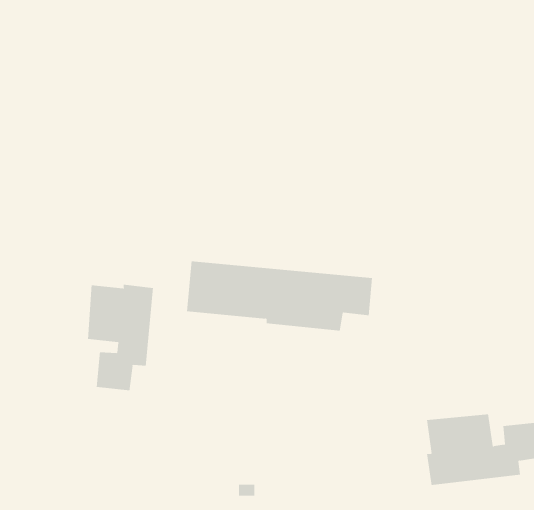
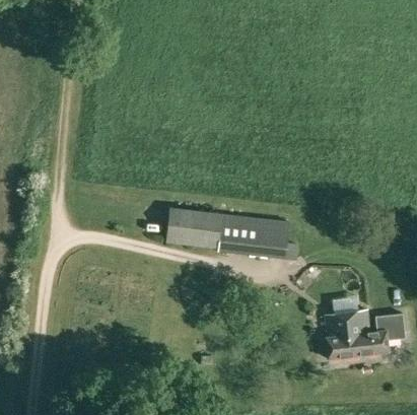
building: [87,284,154,391] -> none

